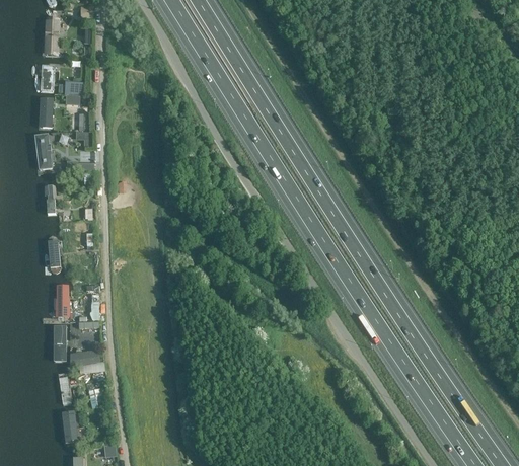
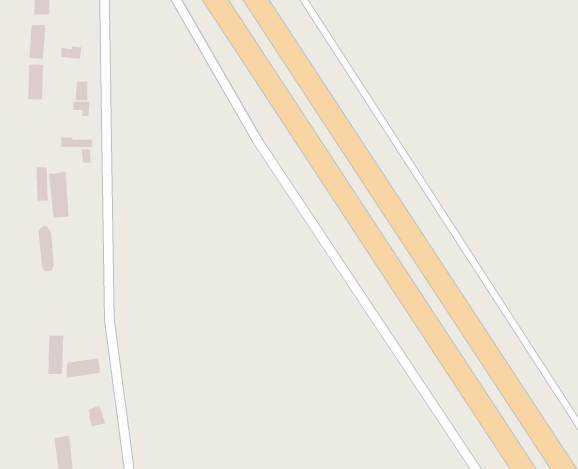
building: [32,133,51,172] -> [48,171,70,218]
building: [54,285,68,318] -> none

